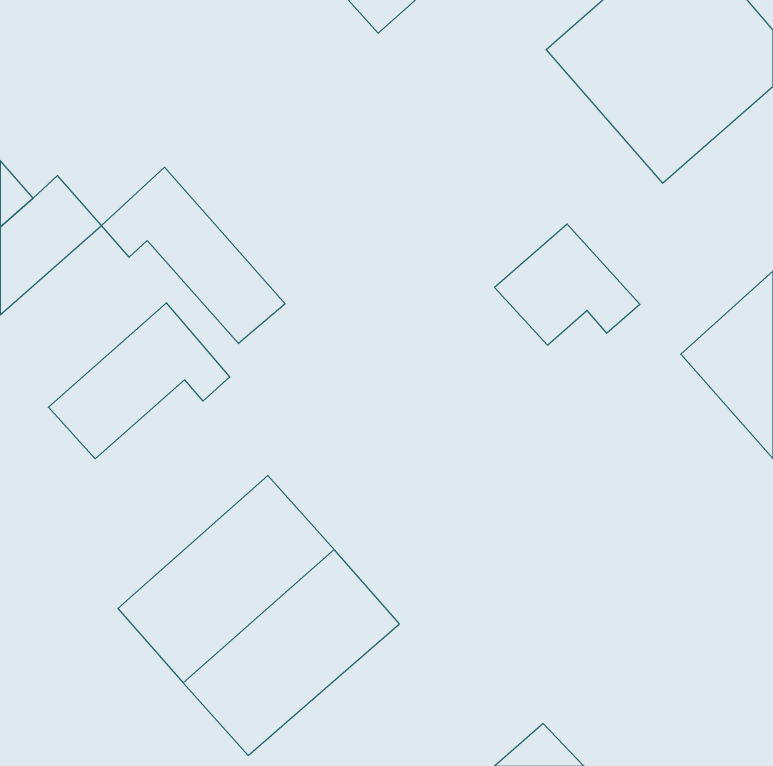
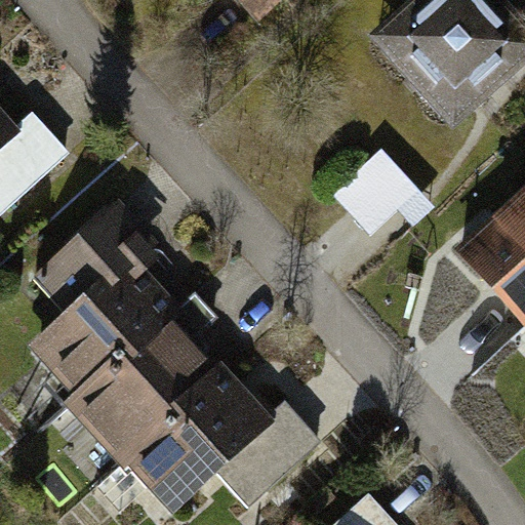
building: [101,167,285,344] -> none
building: none -> [23,257,181,412]
building: none -> [215,408,320,509]

